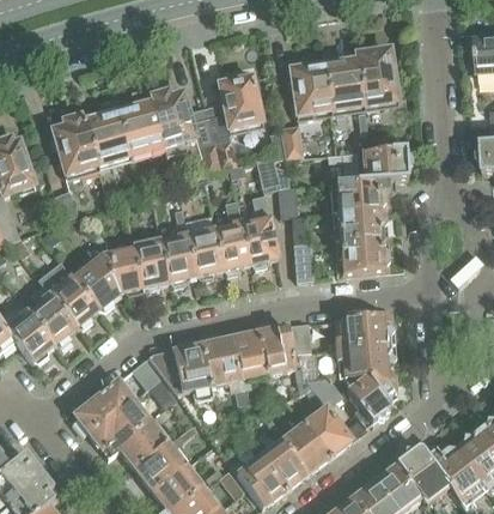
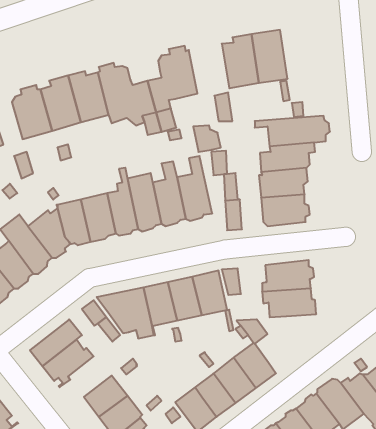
building: [355,47,398,107] -> none
building: [342,373,397,440] -> none
building: [116,419,165,466] -> none

